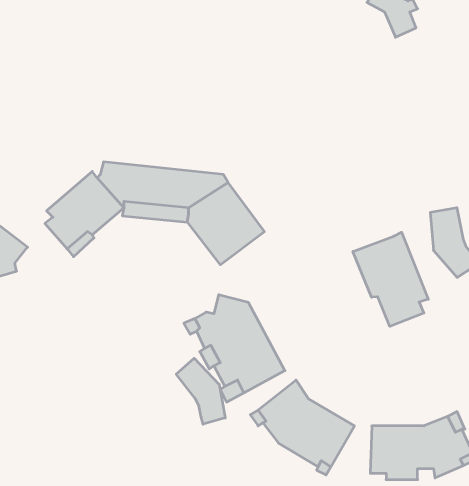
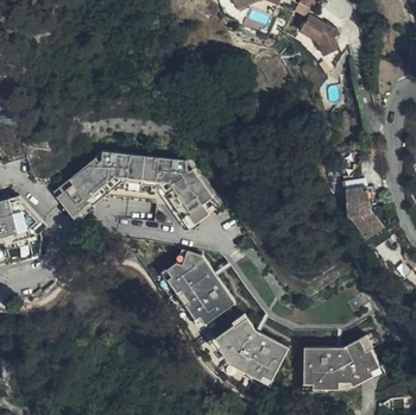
building: [353,232,428,326] -> none
building: [176,358,225,424] -> none

